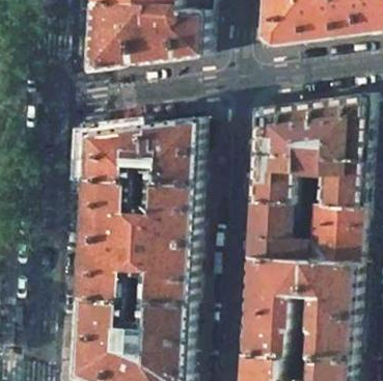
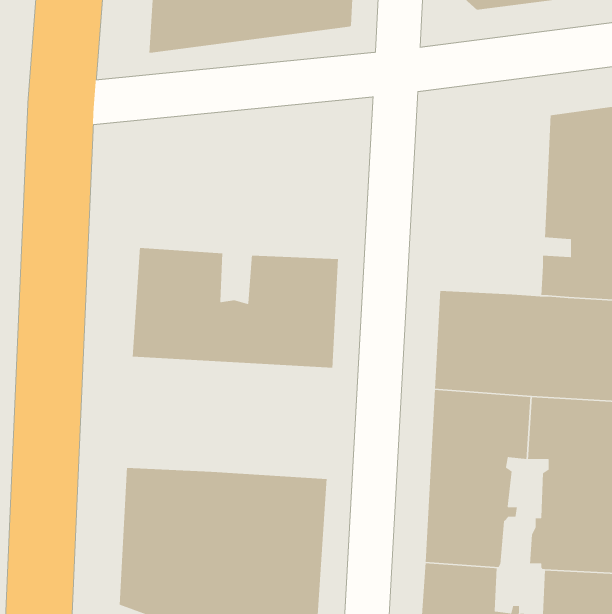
building: [249,102,310,202] -> none
building: [82,116,196,182] -> none
building: [75,237,190,304] -> none

